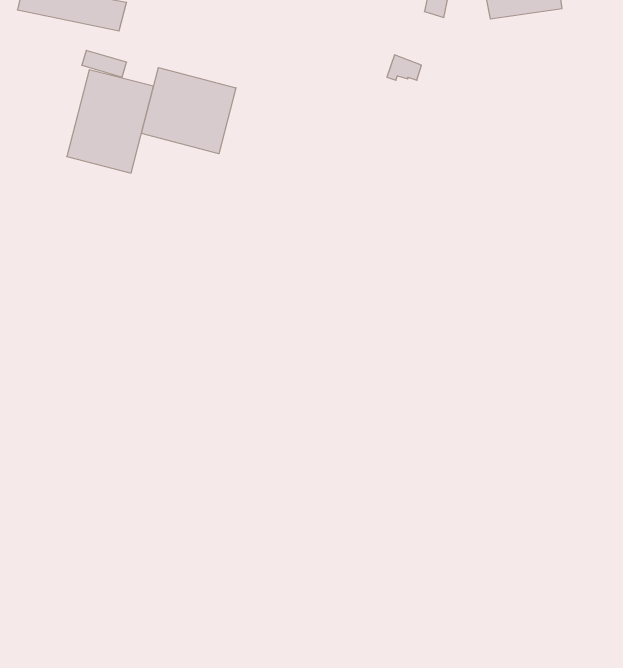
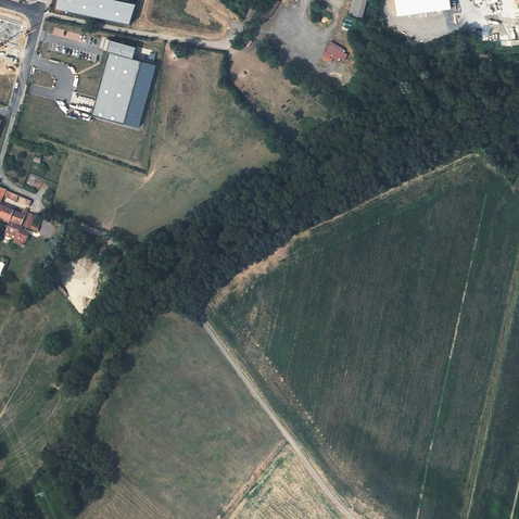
building: [141,68,236,154] -> none

